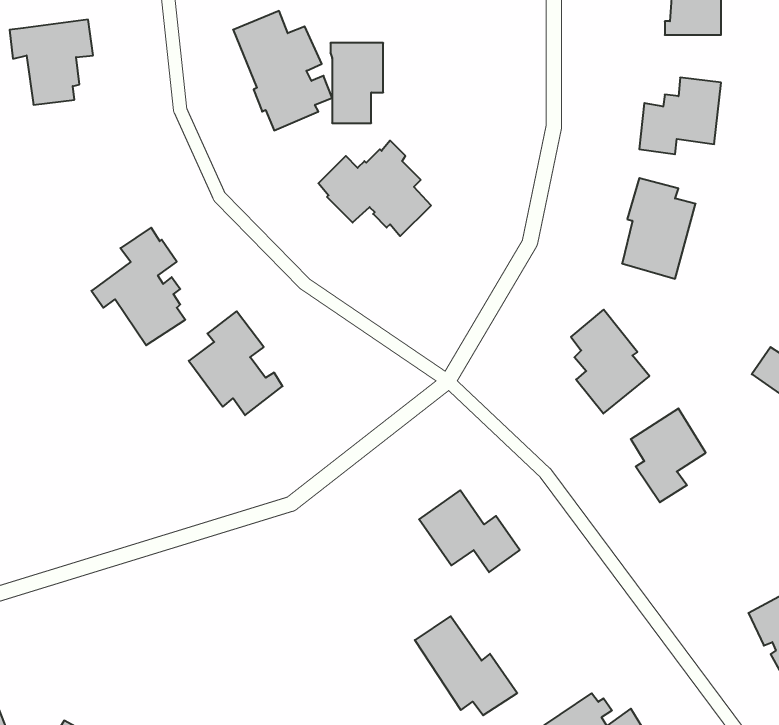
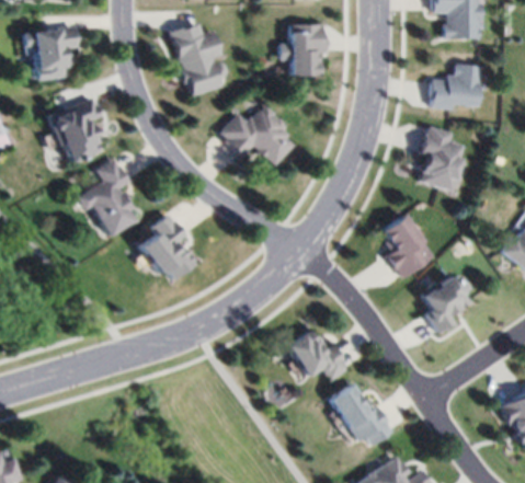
building: [330,43,383,123] -> [290,24,324,76]
building: none -> [52,102,103,160]
building: [415,616,517,715] -> [330,382,396,446]

